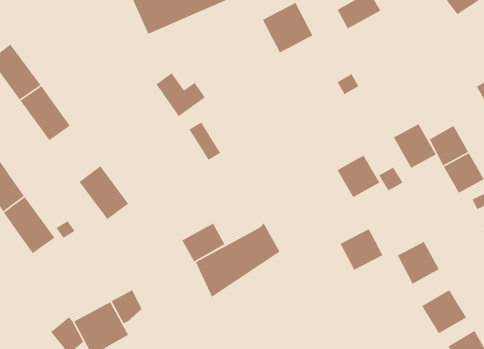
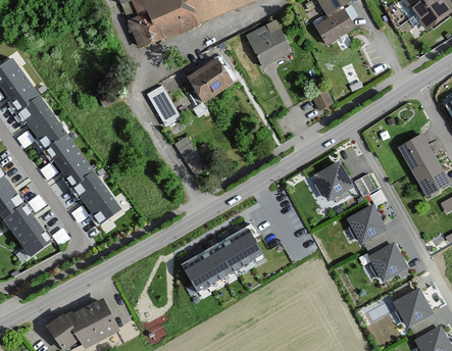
building: none -> [187,58,234,103]
building: [393,123,437,169] -> none
building: none -> [46,135,94,187]
building: [181,222,226,262] -> none
building: [340,228,383,271] -> [348,204,389,244]
building: [111,289,142,324] -> none

